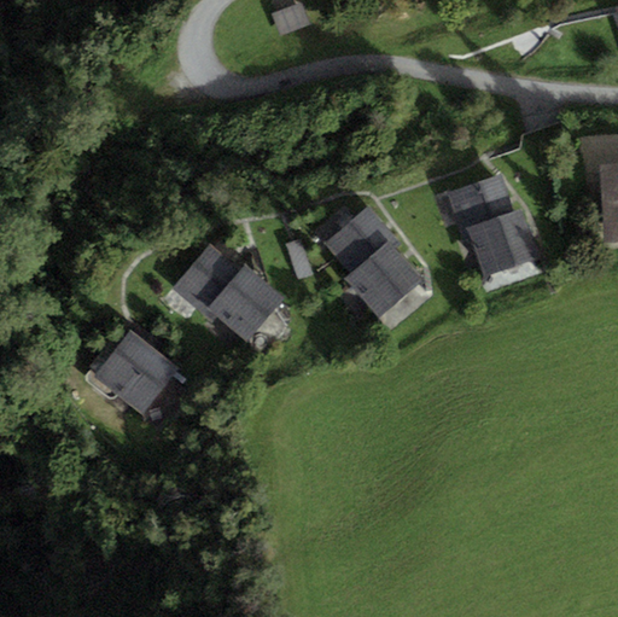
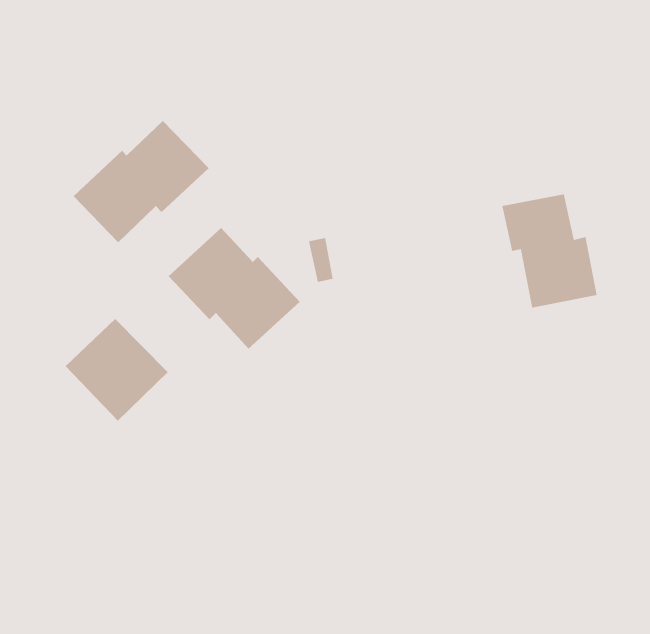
building: none -> [73,120,209,243]
building: [325,208,422,319] -> none

